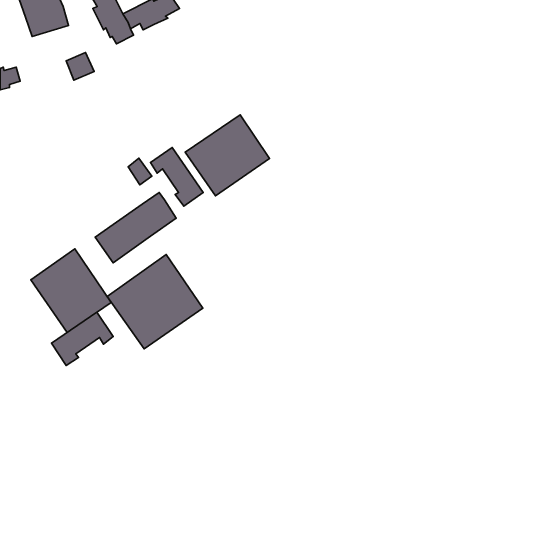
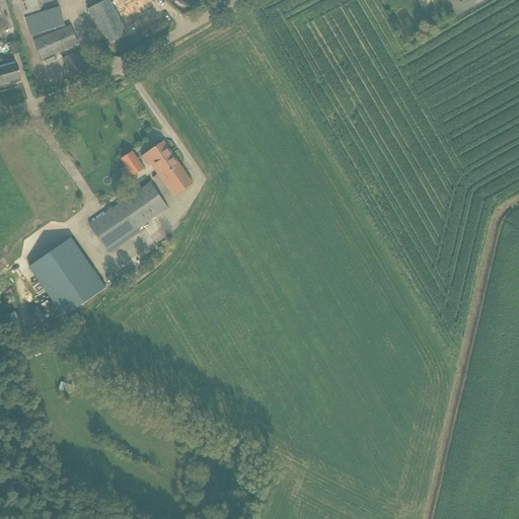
building: none -> [33,24,79,59]
building: [185,115,269,196] -> none
building: [107,254,203,349] -> none
building: [52,312,113,365] -> none

